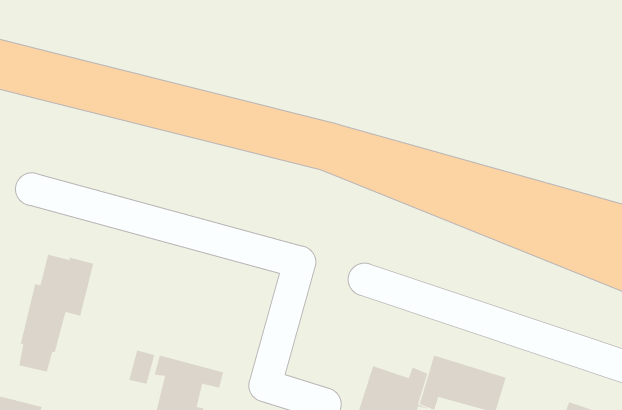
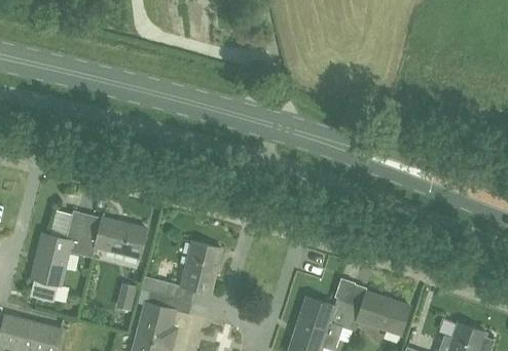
building: none -> [80,217,147,261]
building: none -> [141,241,222,301]

